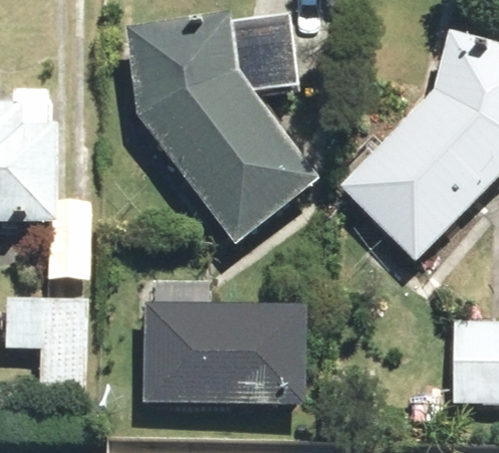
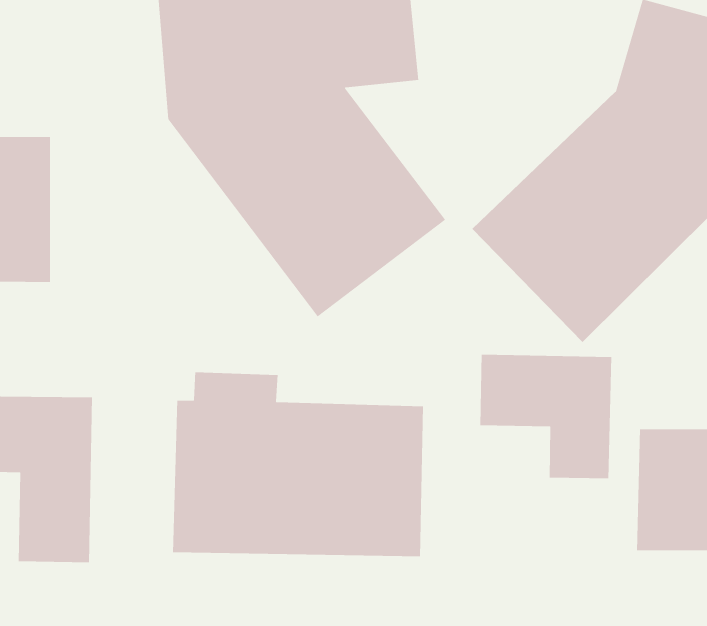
building: none -> [479,354,612,479]

